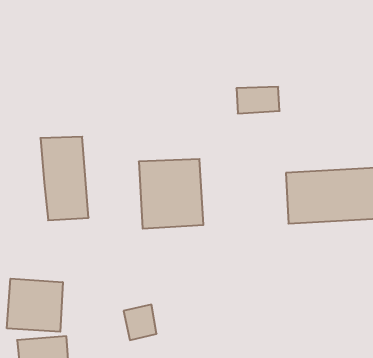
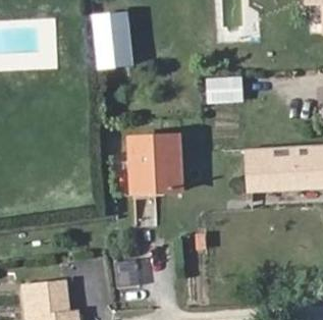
building: [40,137,89,220] -> [93,14,131,82]
building: [7,279,63,332] -> none

